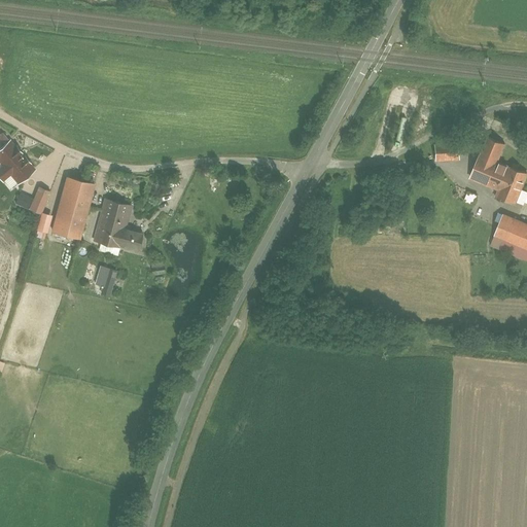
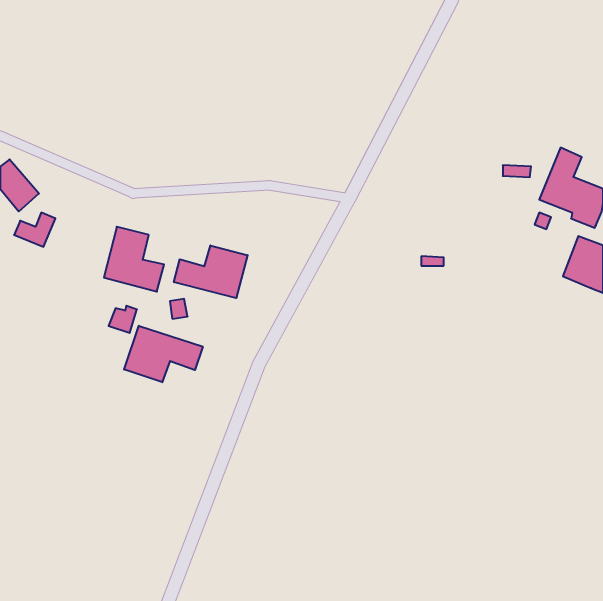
building: [48,177,93,241] -> none
building: none -> [174,245,248,298]
building: none -> [124,326,203,382]

